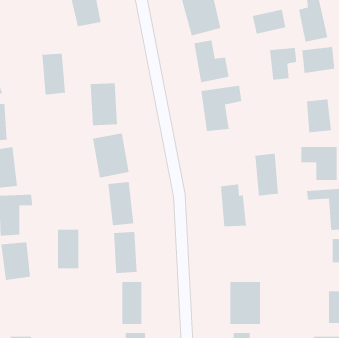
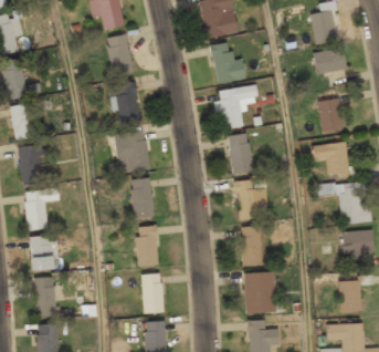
building: [252,9,286,34] -> none
building: [269,47,297,80] -> none
building: [41,53,66,95] -> [108,35,131,75]
building: [255,153,279,196] -> [229,134,252,175]
building: [57,229,79,269] -> [34,278,55,315]
building: none -> [242,228,261,267]

